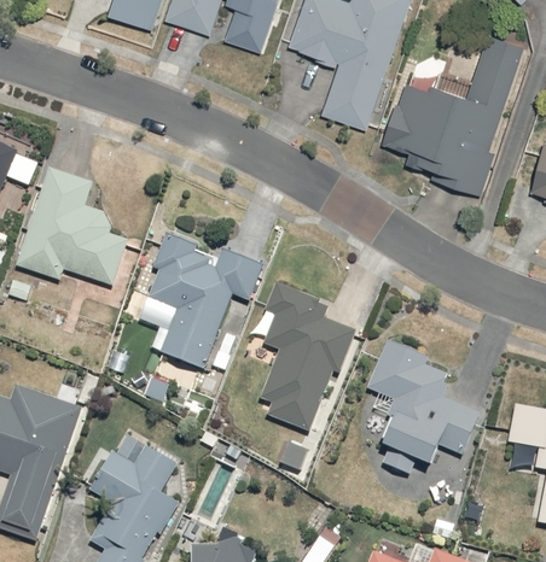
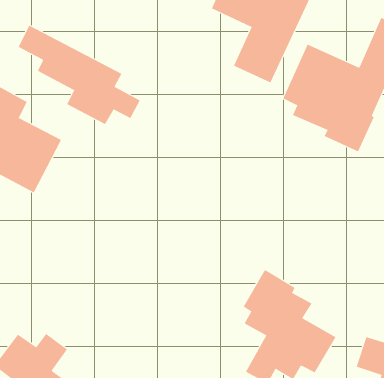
building: none -> [18,25,140,125]
building: [140,236,262,368] -> none
building: [250,279,353,428] -> none

